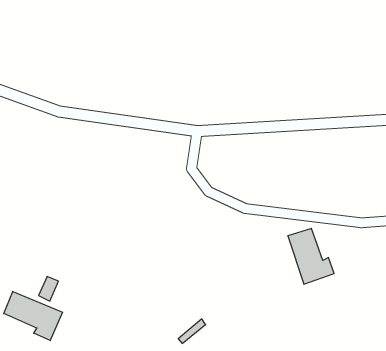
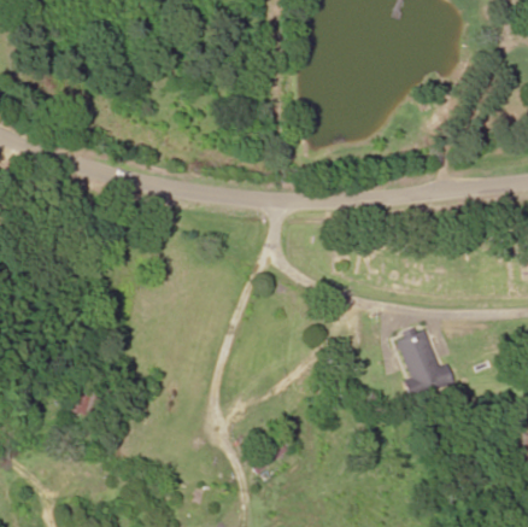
building: [4,291,62,341] -> none

